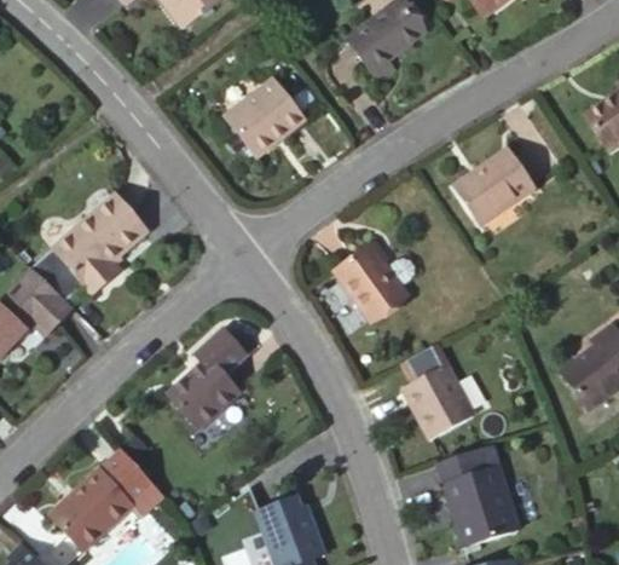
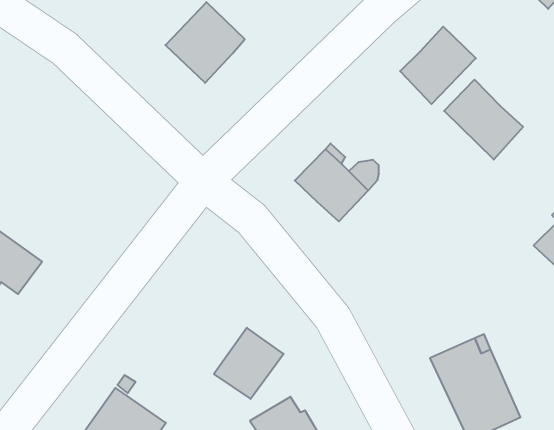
building: [53,195,143,295] -> none
building: none -> [444,80,523,160]
building: [170,342,242,413] -> [214,328,284,399]
building: [400,364,468,437] -> none

